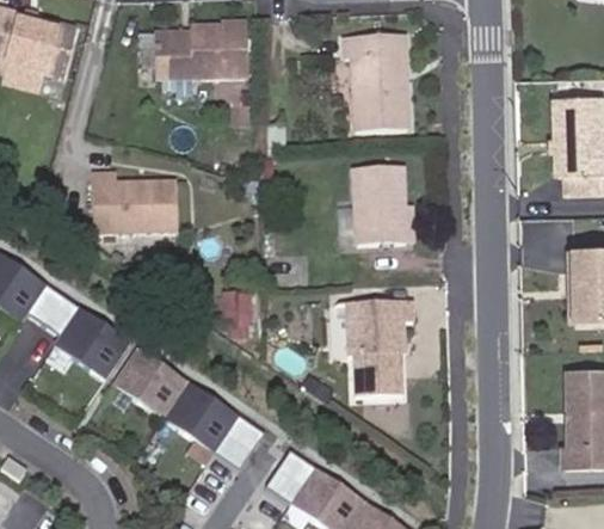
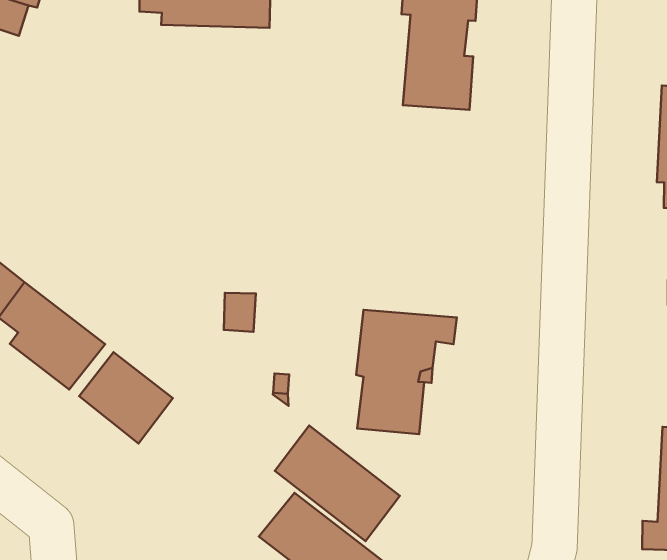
building: [352,166,403,242] -> none
building: [91,178,177,235] -> none
building: [161,377,263,467] -> [275,426,400,541]

